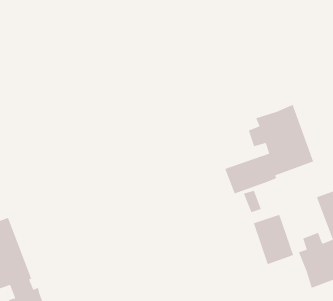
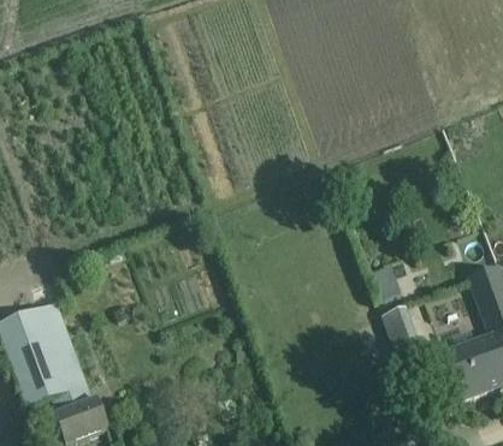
building: [224,104,314,194] -> none

